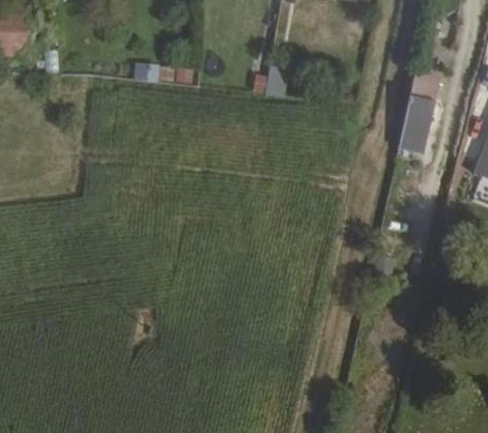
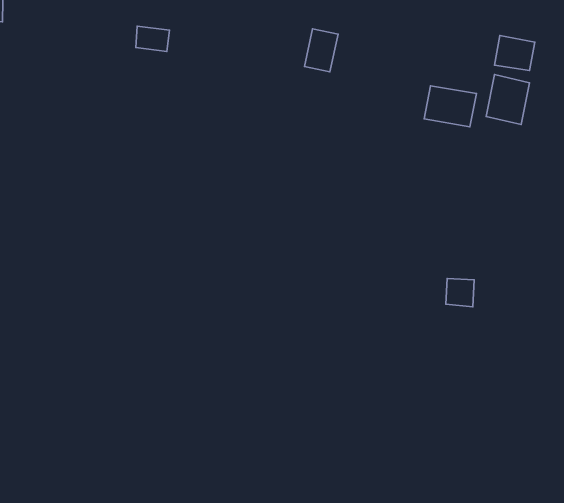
building: none -> [424,86,476,127]

